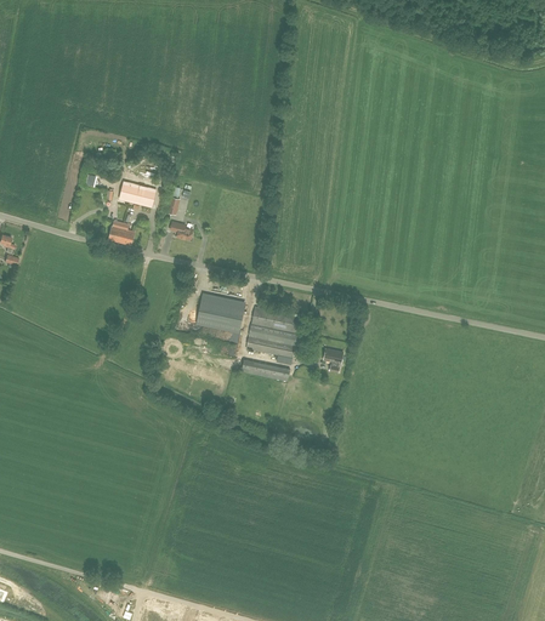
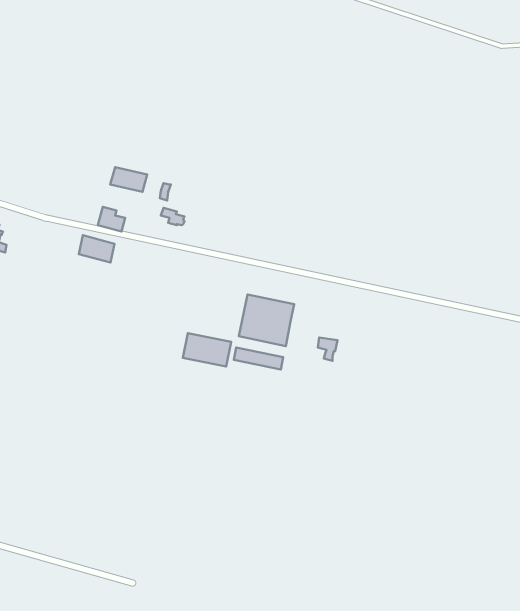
building: none -> [79,235,115,263]
building: [195,298,243,331] -> [183,333,231,366]

